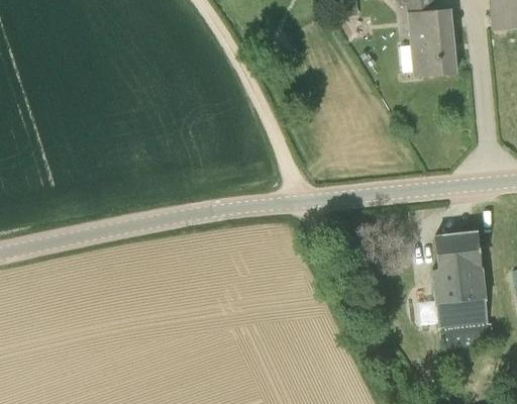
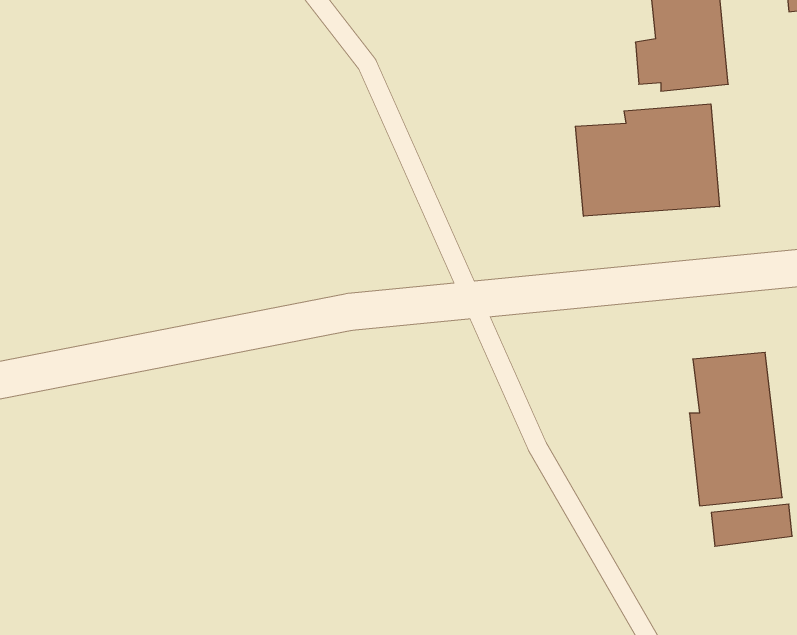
building: none -> [575,104,720,216]

